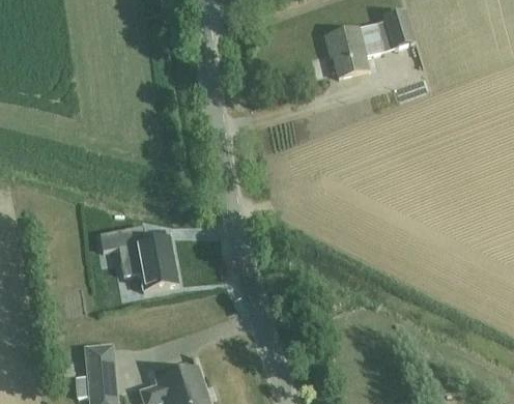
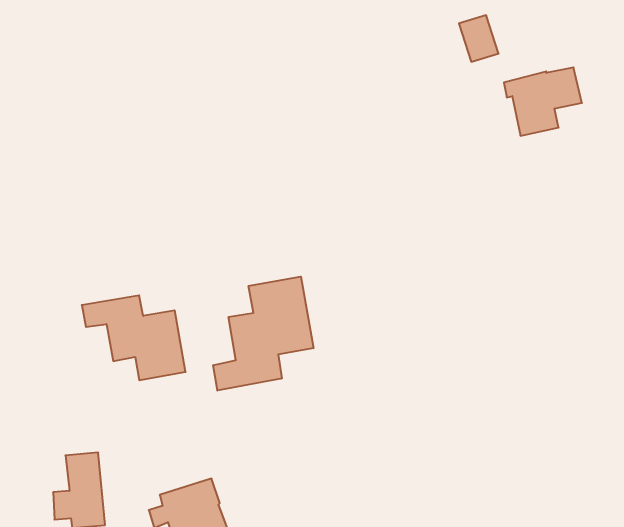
building: [323,24,382,76] -> [504,67,582,136]
building: none -> [213,277,313,391]

